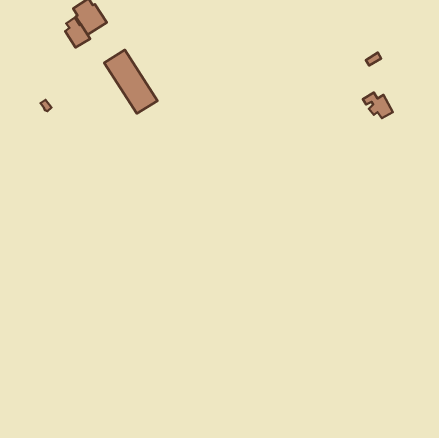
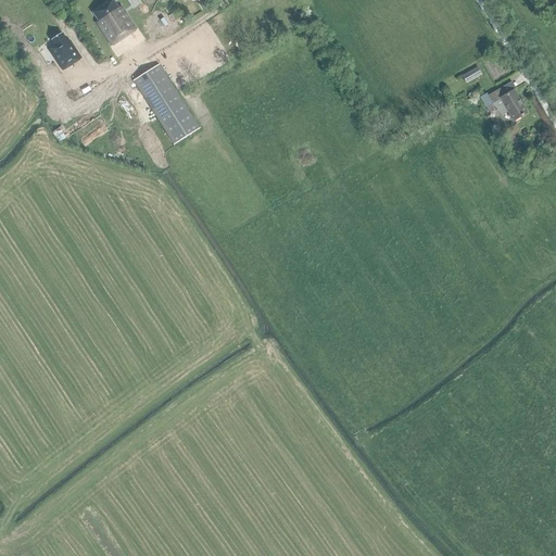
building: [65,17,90,47] -> [49,30,80,68]
building: [363,92,393,118] -> [488,87,526,119]

